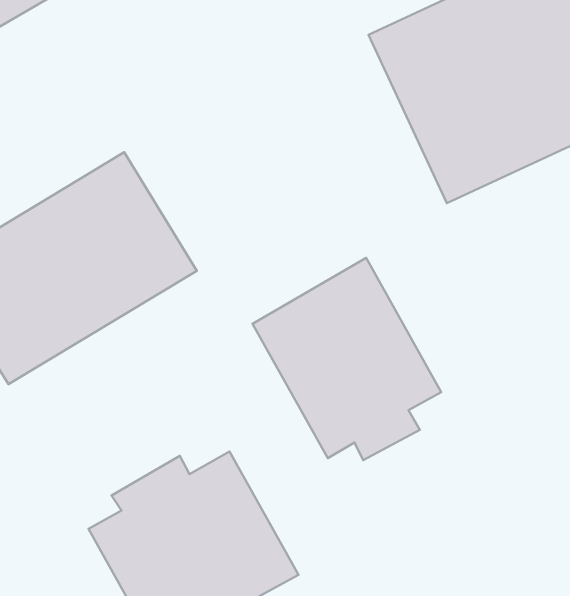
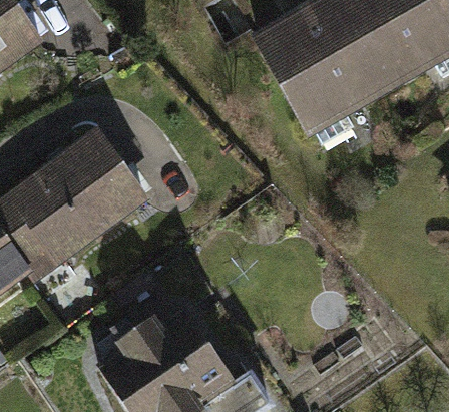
building: [253,258,441,460] -> none

